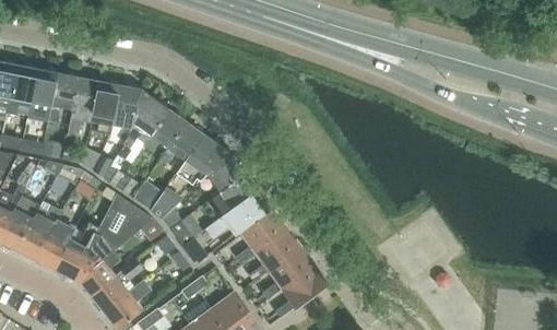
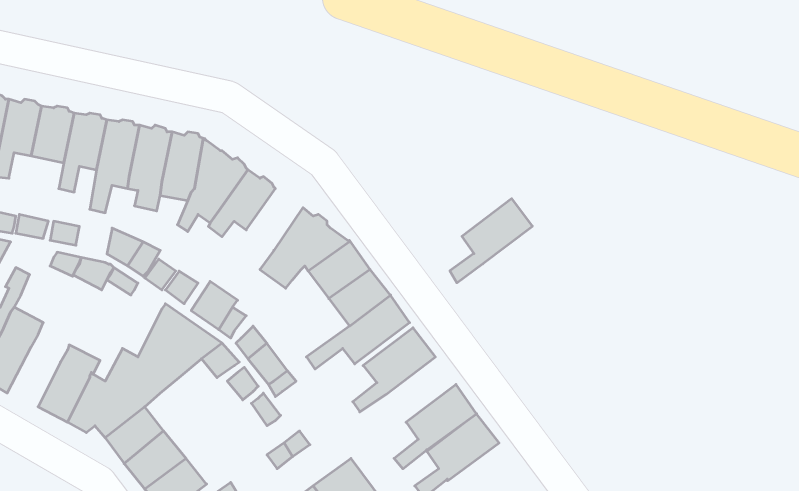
building: [167,121,203,161] -> none
building: [15,208,59,260] -> none
building: [248,228,300,282] -> [450,199,532,283]

